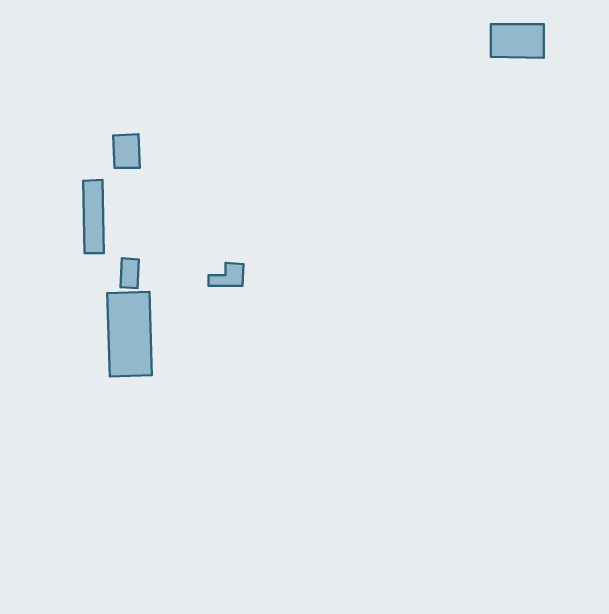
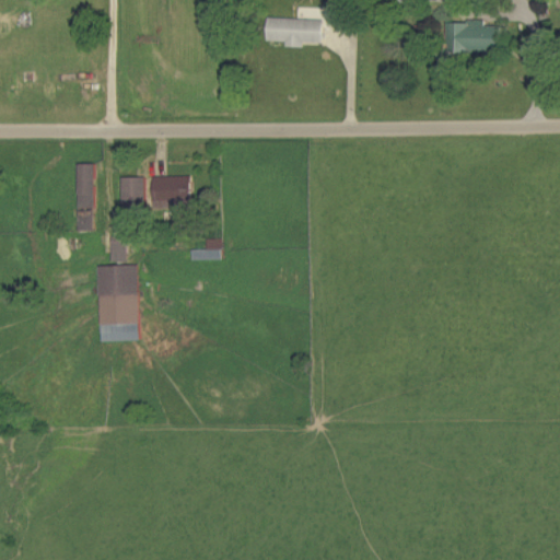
building: none -> [266,18,322,46]
building: [113,134,140,168] -> [120,176,144,207]
building: none -> [152,176,189,206]

